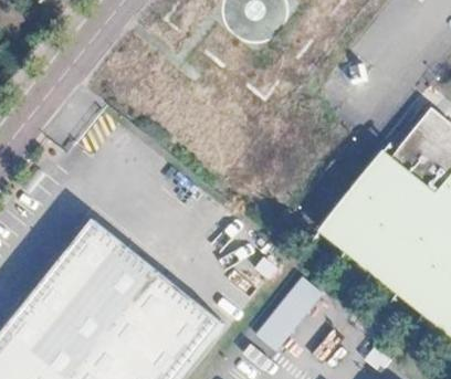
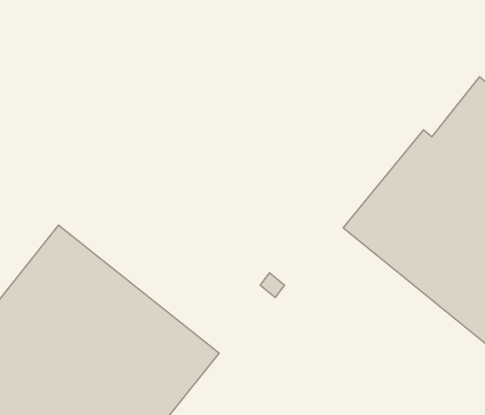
building: [263,280,325,356] -> none

